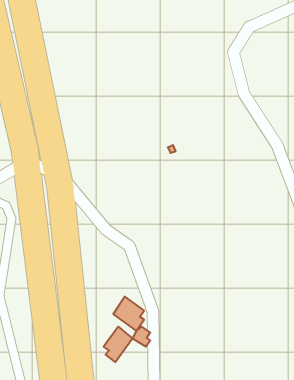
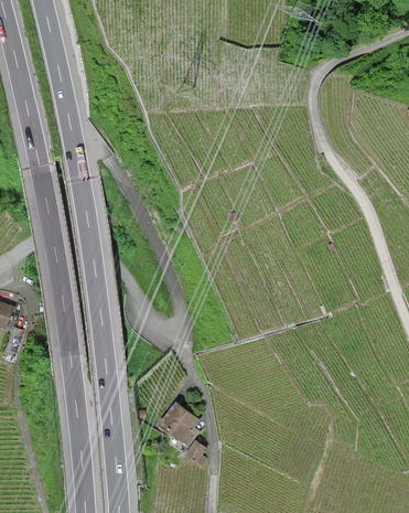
building: [104,327,133,362] -> none

